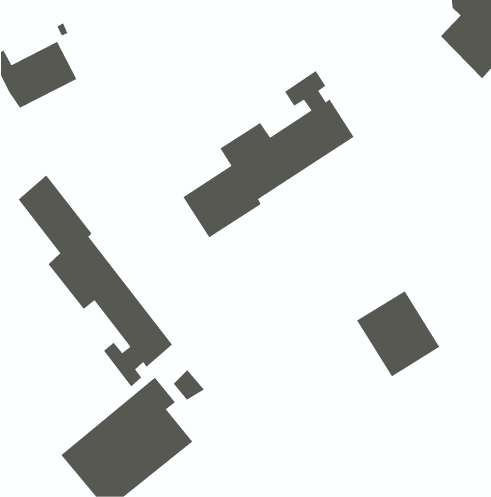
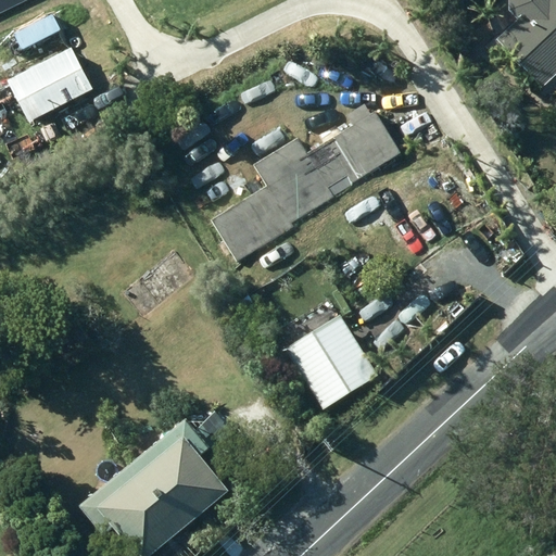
building: [18,174,173,387] -> none
building: [356,290,440,377] -> [286,313,379,409]

